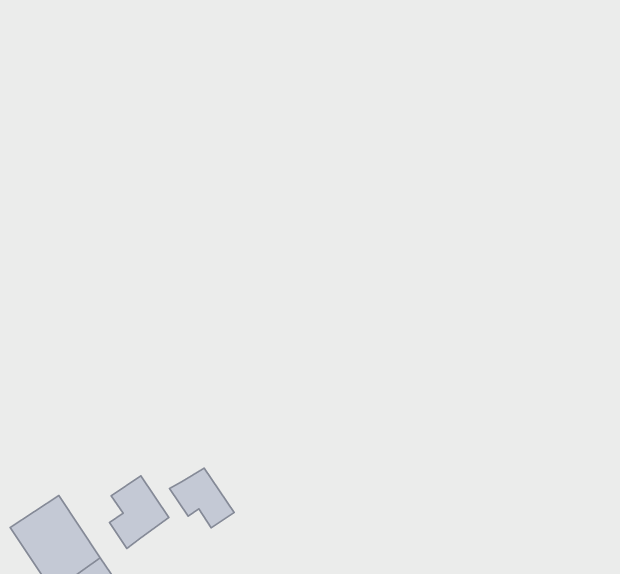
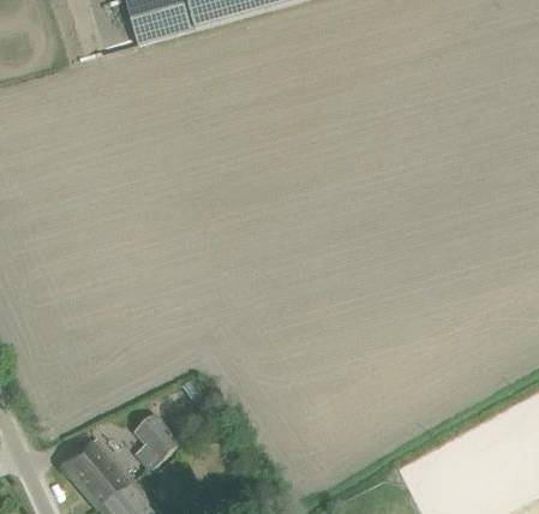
building: [169,468,234,528] -> none

